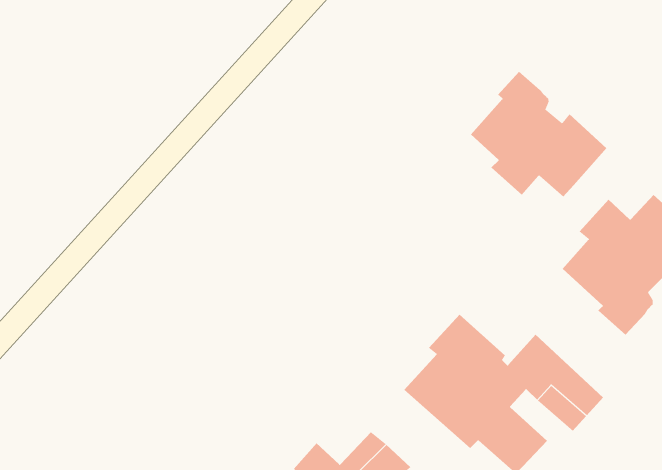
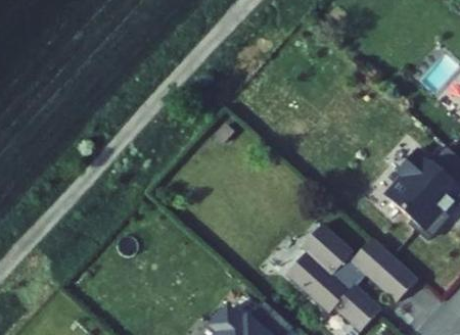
building: [470,71,607,198] -> none

